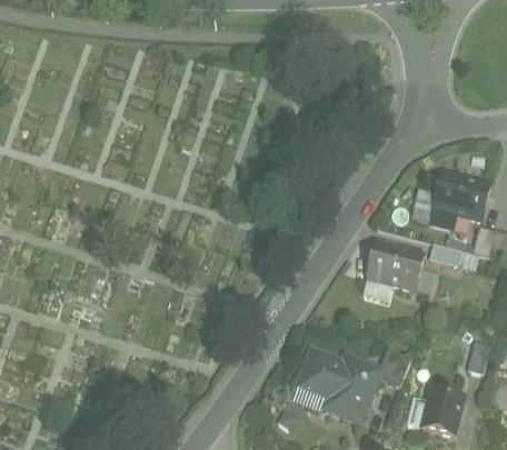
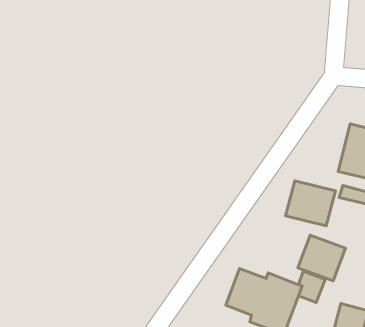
building: none -> [298,235,345,281]

